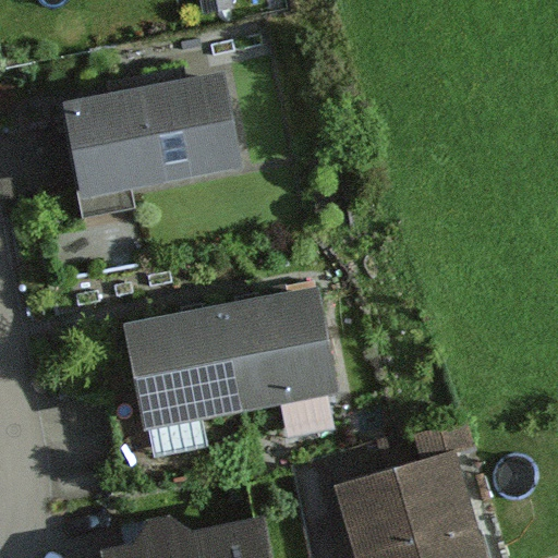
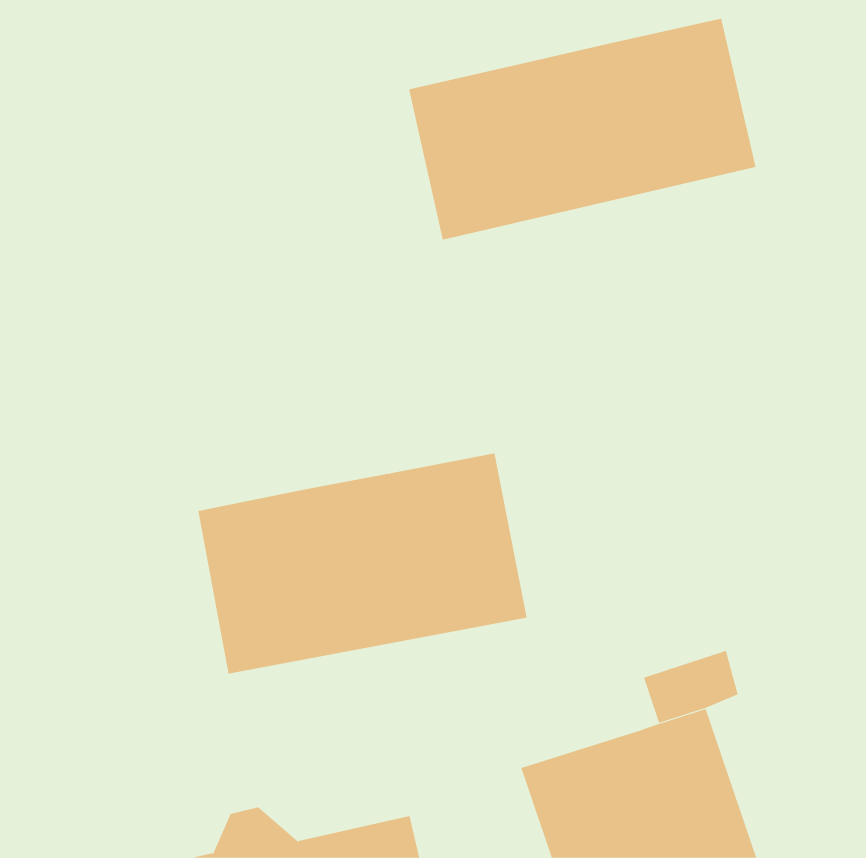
building: none -> [409,18,756,241]
building: [62,69,242,216] -> none

